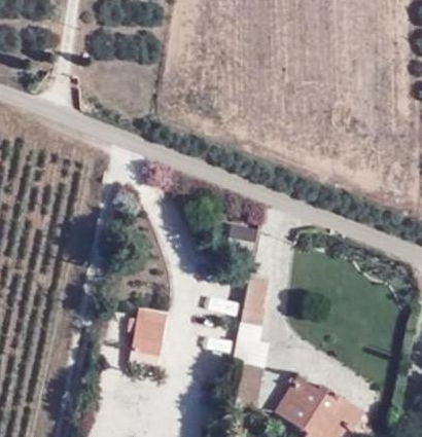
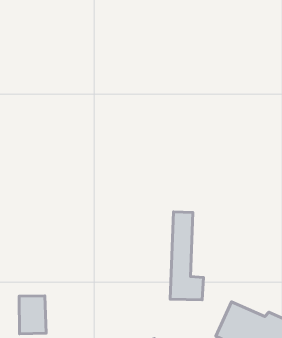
building: [131,308,165,353] -> [19,296,46,334]

